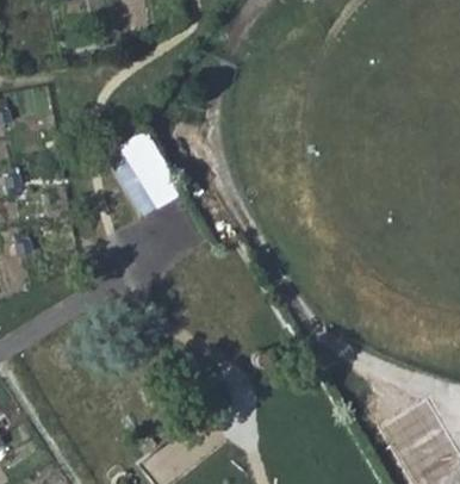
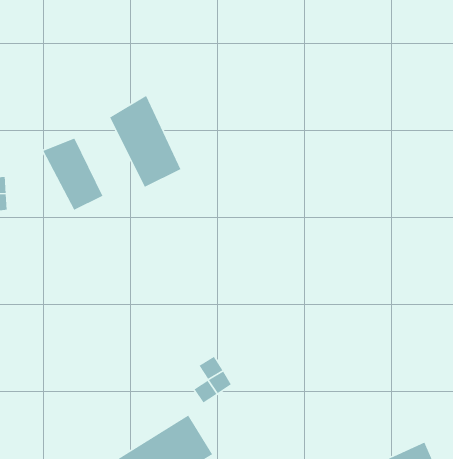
building: none -> [42,138,104,211]

